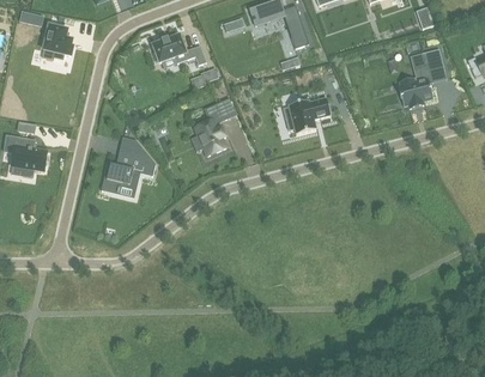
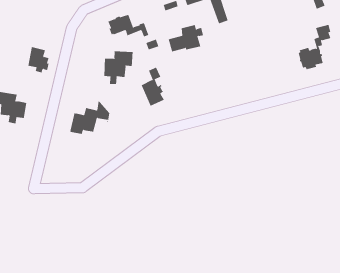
building: [43,24,72,59] -> [27,46,50,73]
building: none -> [104,50,133,85]
building: [268,98,315,134] -> [168,24,204,52]

